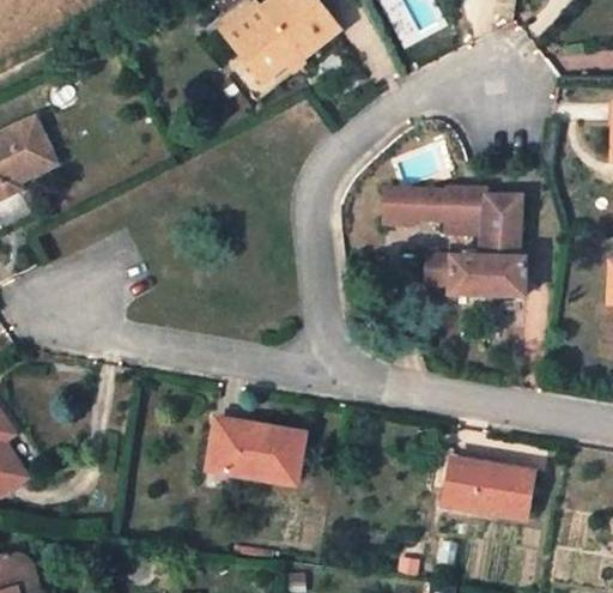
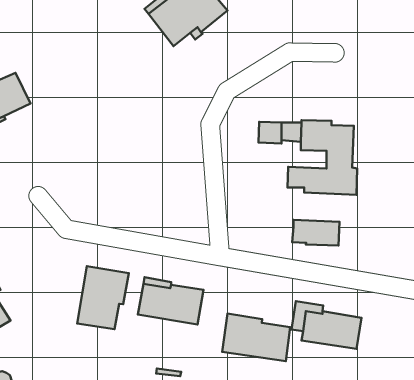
building: none -> [292,220,340,246]
building: none -> [77,266,129,329]
building: none -> [222,314,290,361]

